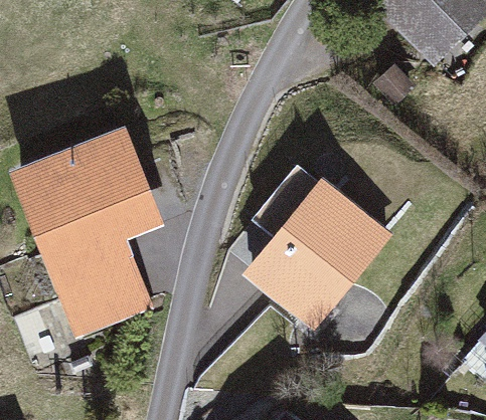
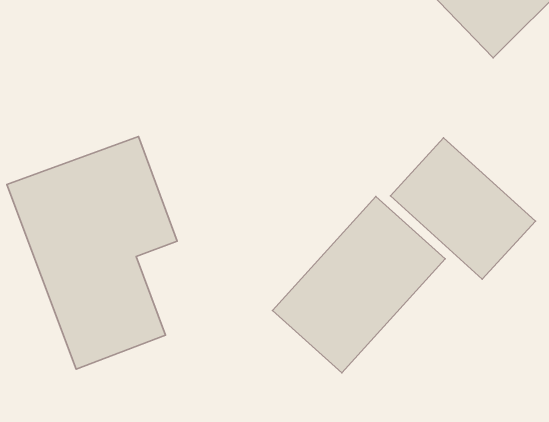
building: none -> [390,138,535,279]

